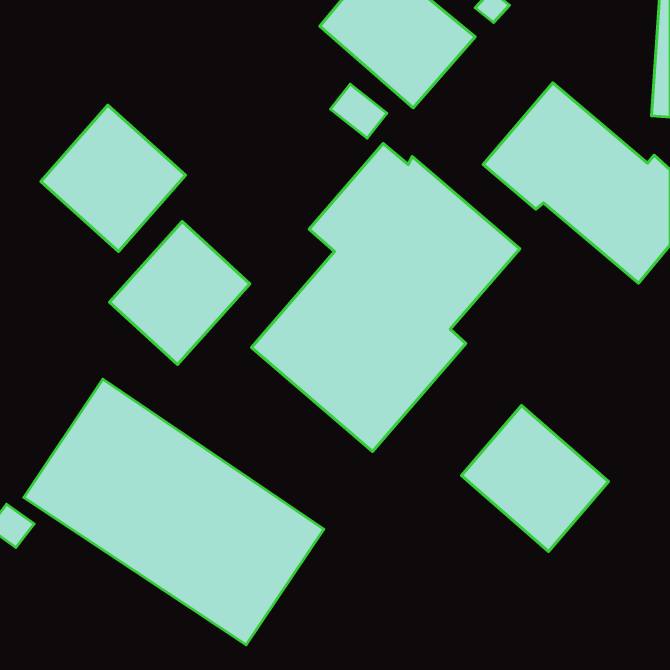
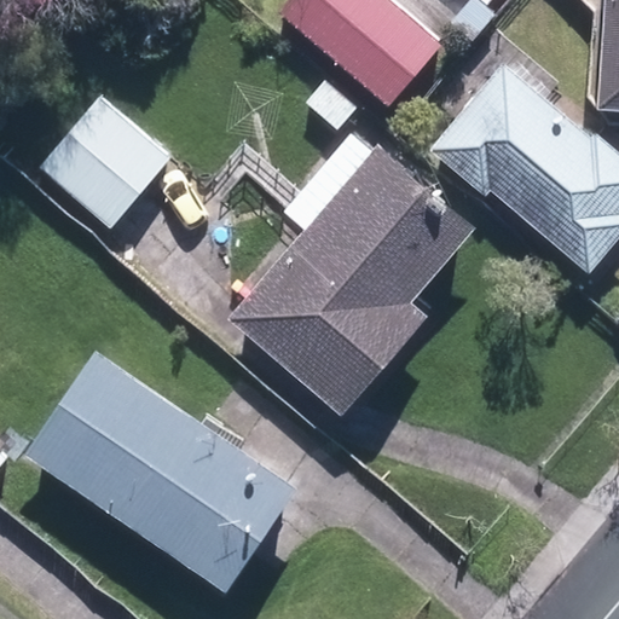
building: [110,221,250,365] -> none
building: [461,406,609,552] -> none

